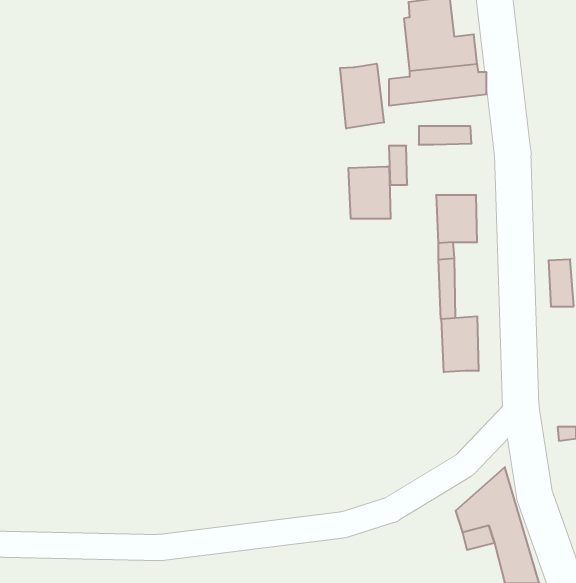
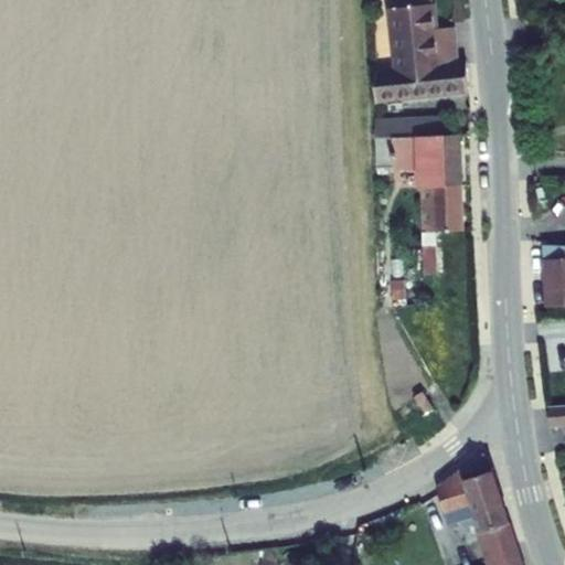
building: [340,64,384,129] -> none
building: [348,167,391,219] -> [417,138,458,188]
building: [442,316,479,372] -> none

